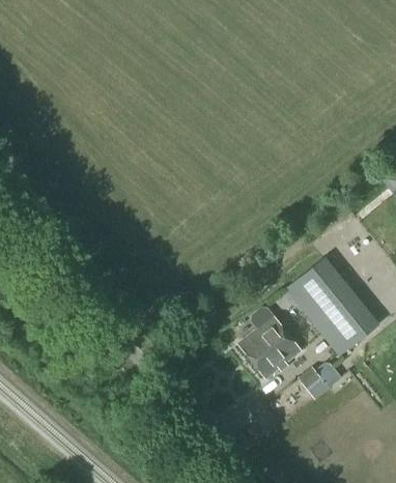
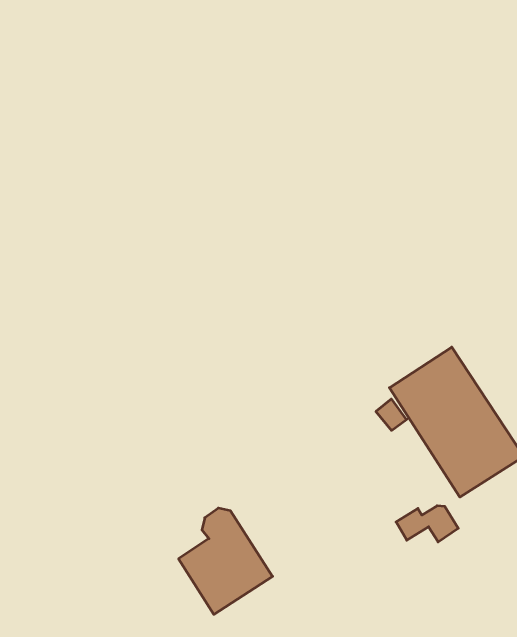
building: [238,309,302,379] -> [179,508,273,614]

